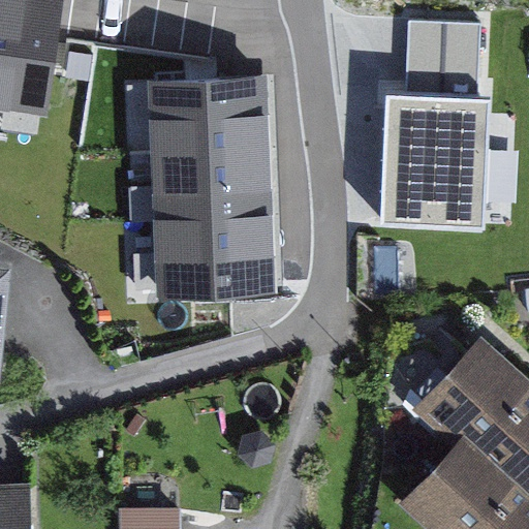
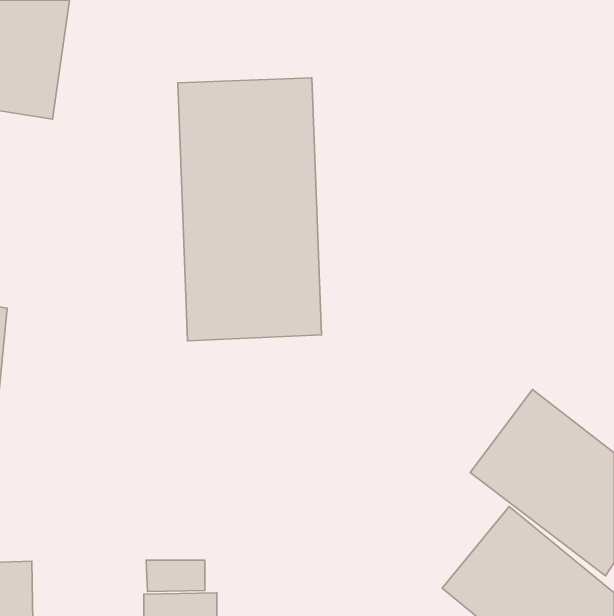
building: [383,22,490,230] -> none

